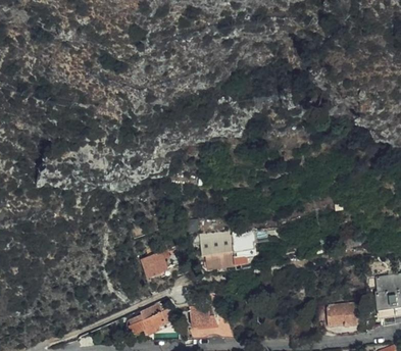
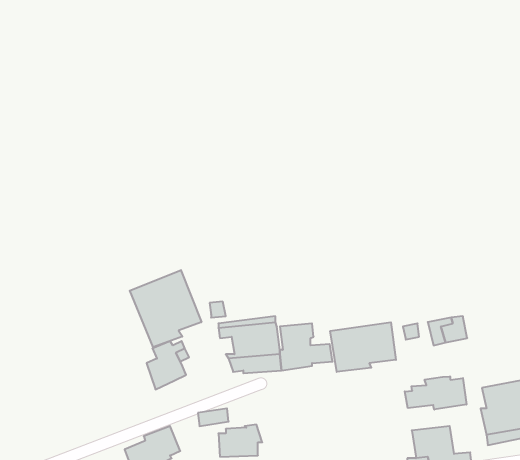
building: none -> [130,270,201,347]
building: none -> [330,322,396,372]
building: none -> [405,376,466,410]

